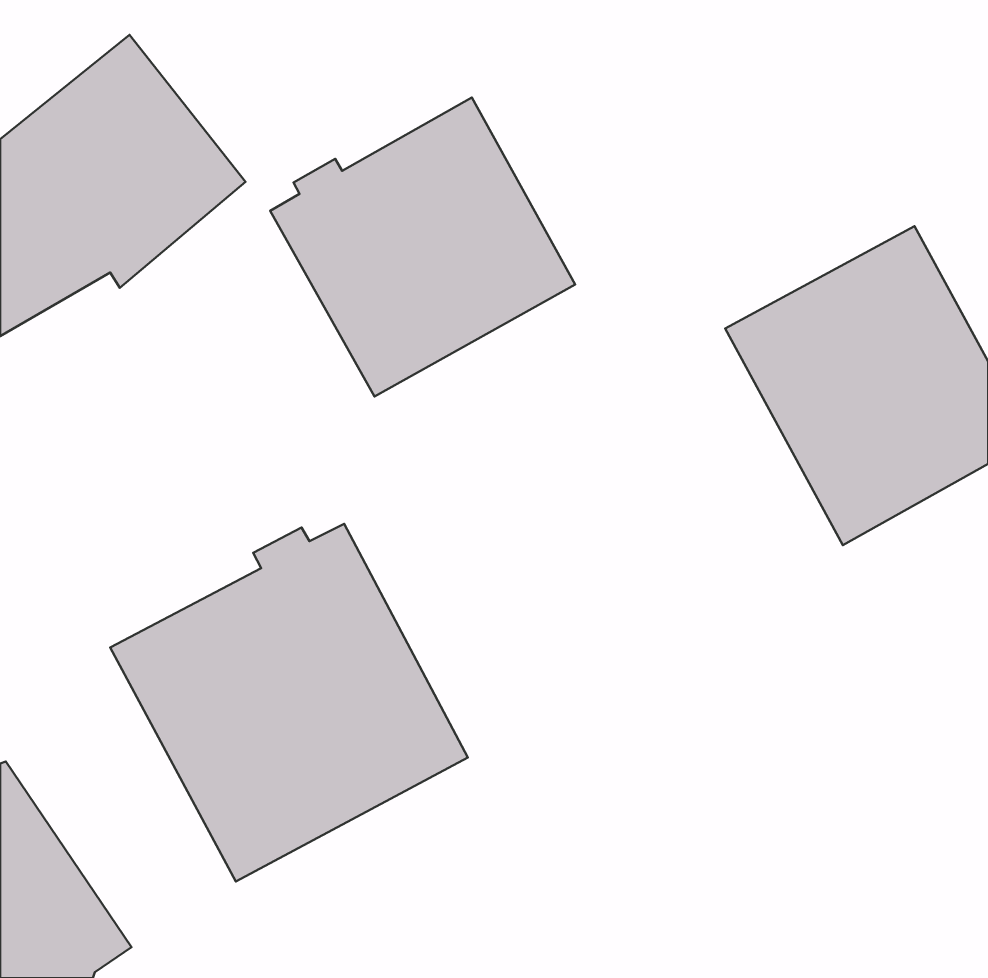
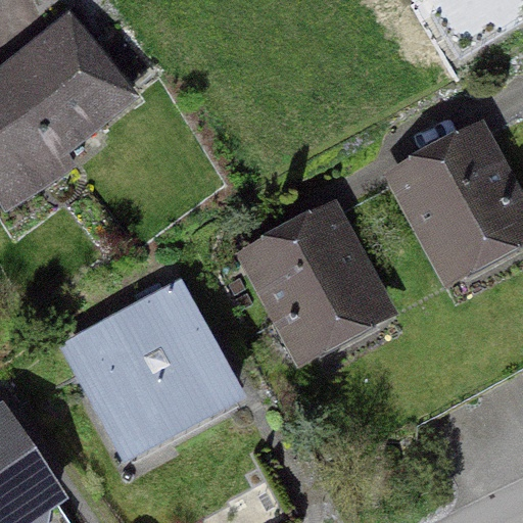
building: [270,98,575,396] -> none
building: none -> [236,199,398,369]

